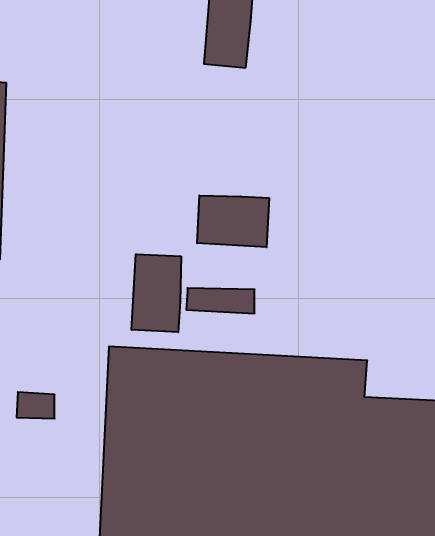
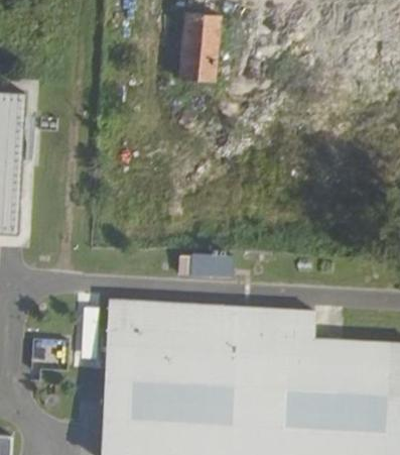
building: [197,195,269,247] -> none
building: [132,254,181,332] -> none

